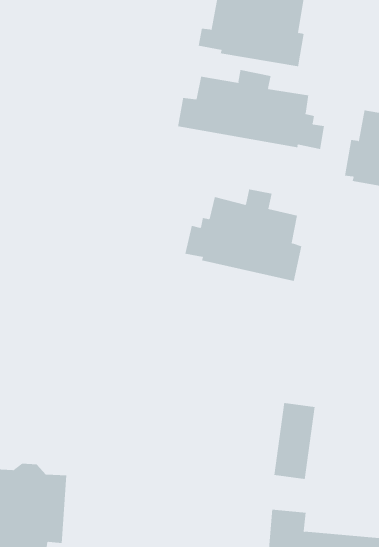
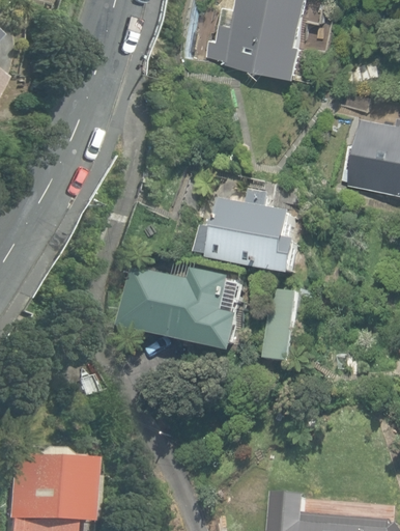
building: [177,69,324,150] -> none
building: none -> [118,268,241,354]
building: [274,402,315,479] -> [261,290,301,363]

